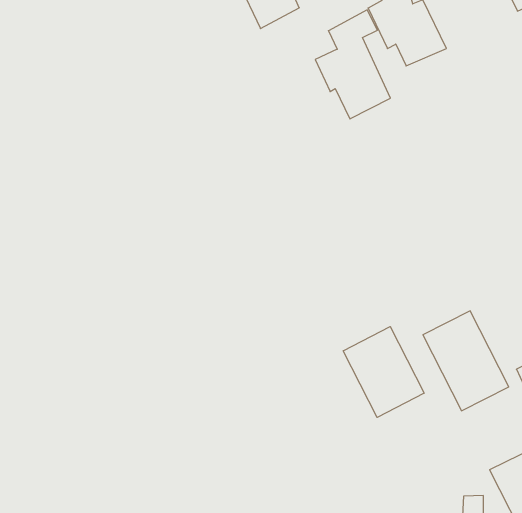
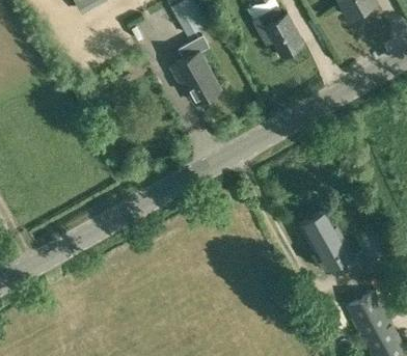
building: [315,10,390,119] -> [170,34,219,104]
building: [343,327,424,417] -> none

